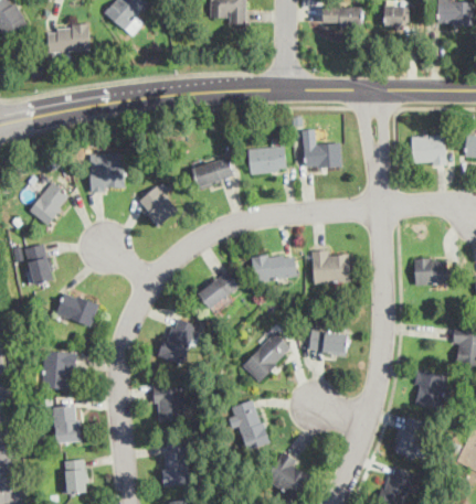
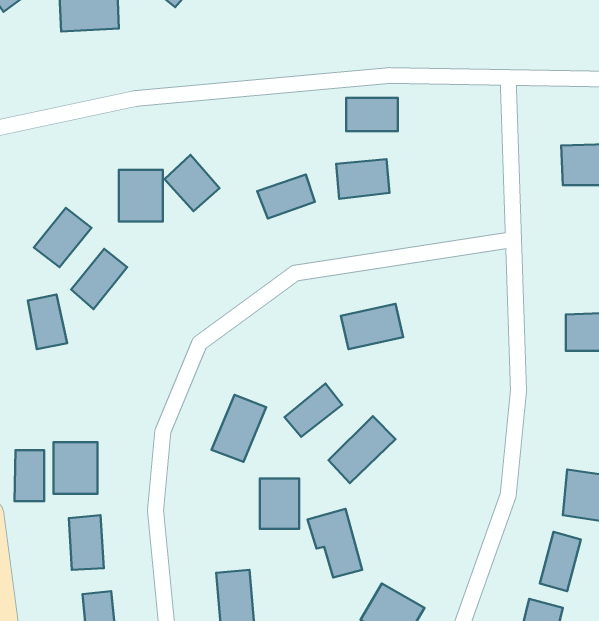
building: [304,144,341,169] -> [346,98,398,131]
building: [137,186,177,227] -> [165,155,219,211]
building: none -> [71,249,127,309]
building: [313,251,349,283] -> none
building: [198,271,240,310] -> [285,384,342,437]
building: [56,292,98,328] -> none
building: [308,330,349,357] -> none
building: none -> [14,450,44,501]
building: [156,389,184,426] -> [260,479,299,529]

